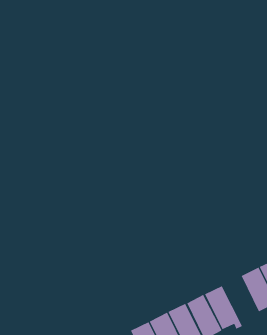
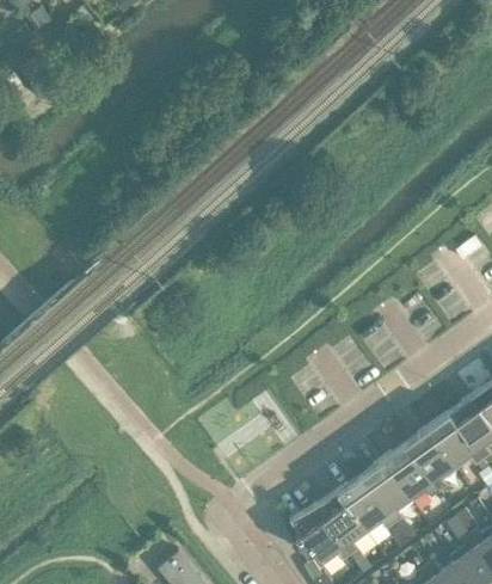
building: none -> [402,424,456,490]

